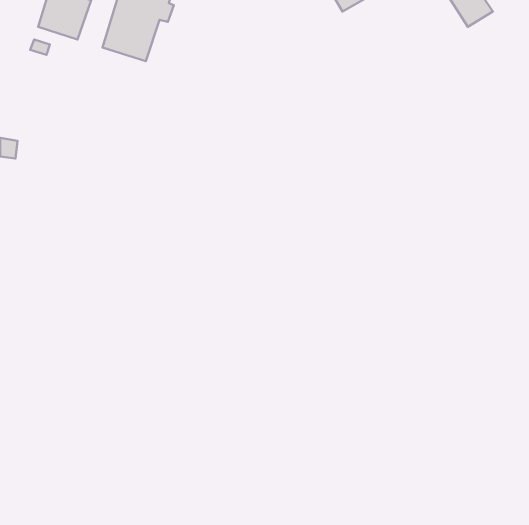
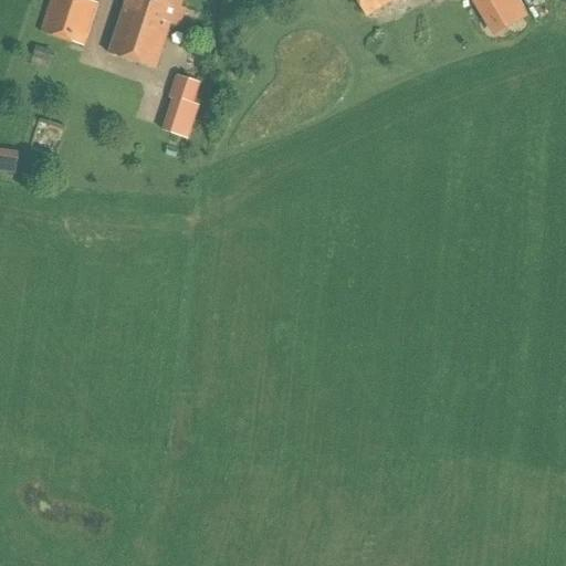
building: none -> [163,73,200,136]

